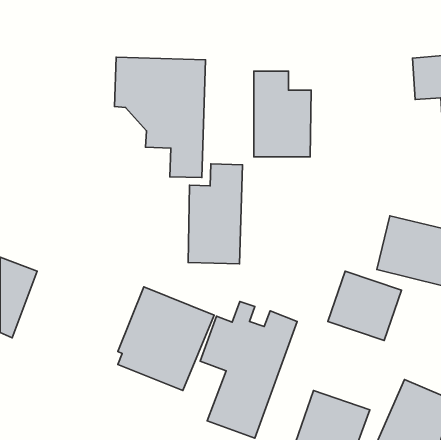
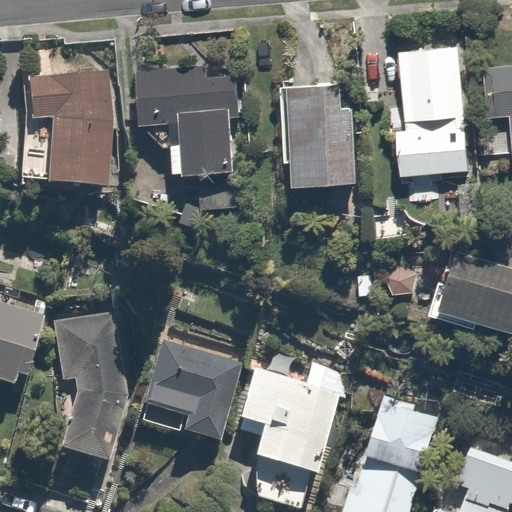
building: none -> [388,43,466,175]
building: none -> [29,78,105,188]
building: [188,164,243,264] -> none
building: none -> [55,312,130,467]
building: [328,271,401,340] -> [364,396,449,476]

